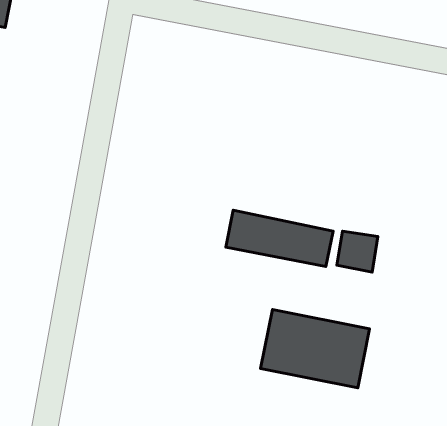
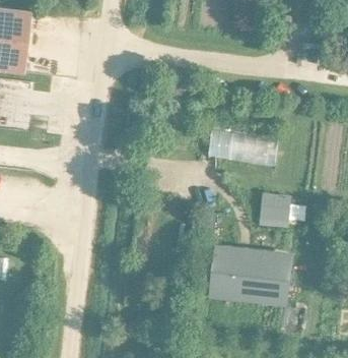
building: [226,210,333,267] -> [204,131,276,165]

